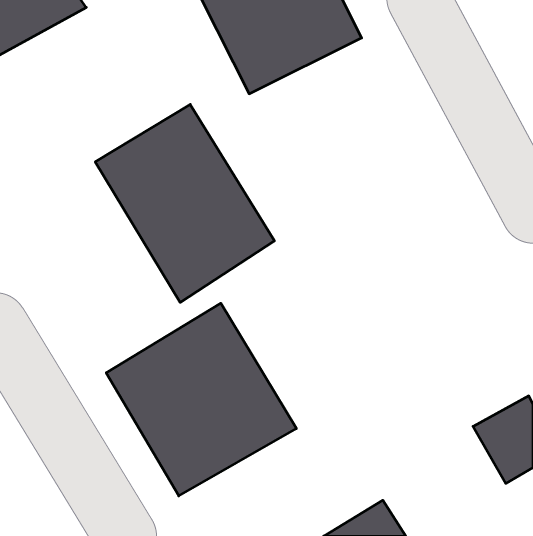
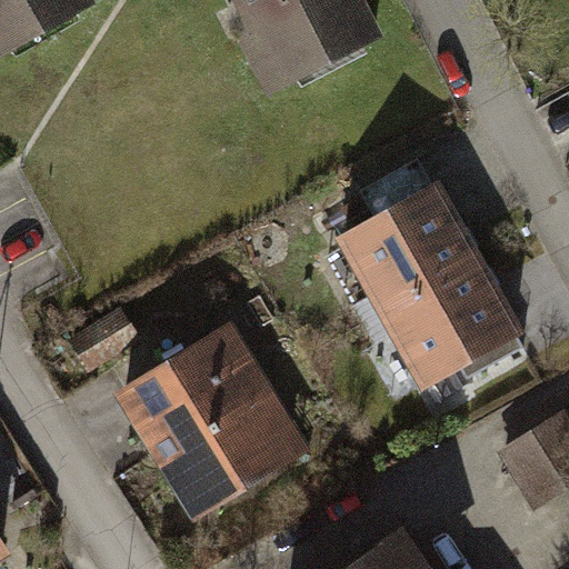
building: [95,104,274,302] -> none
building: none -> [333,176,522,386]

